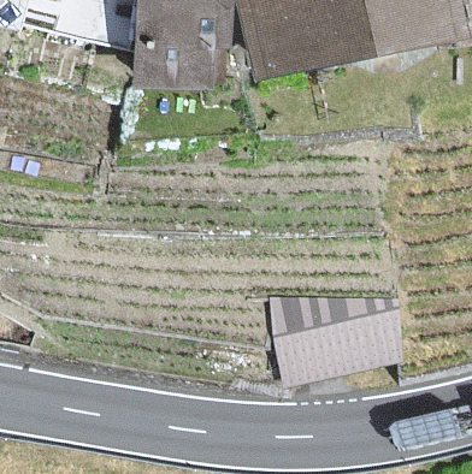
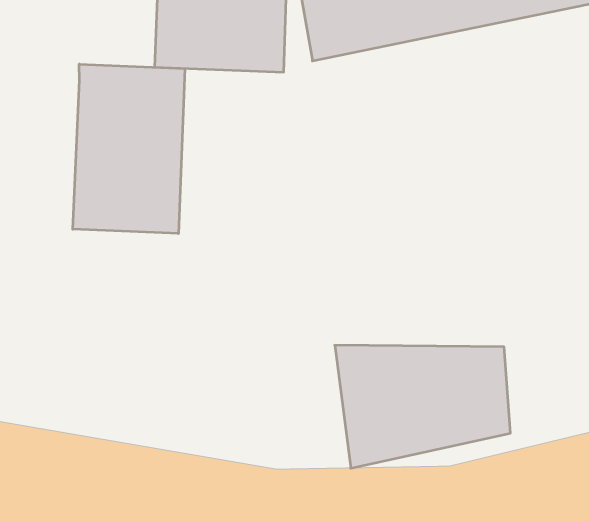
building: none -> [73,64,185,234]

